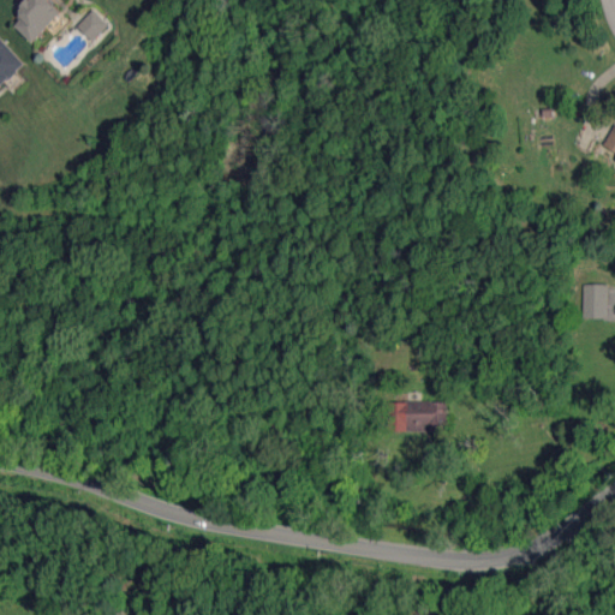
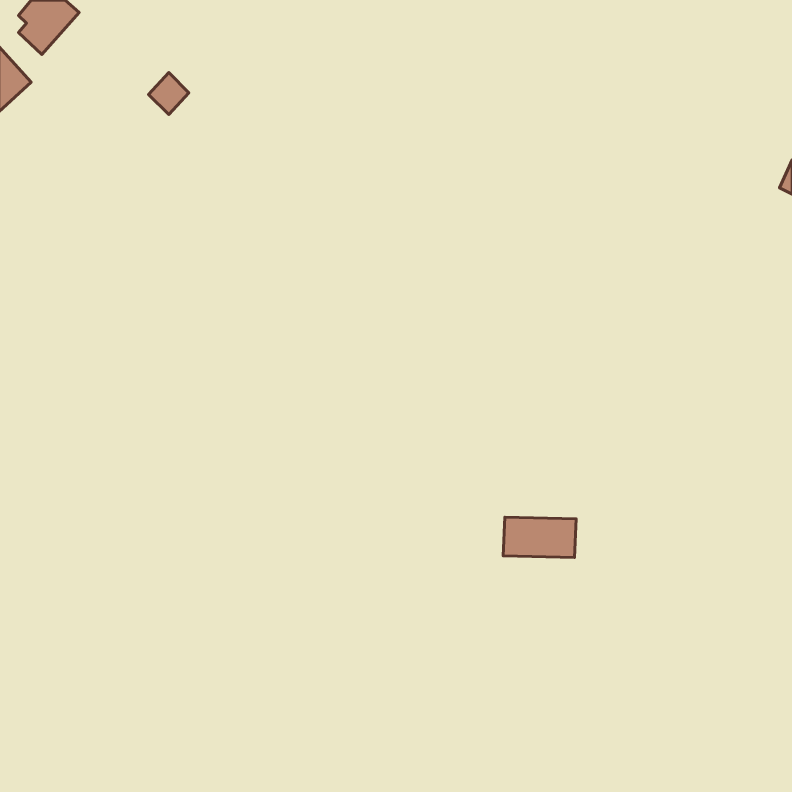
building: [77,10,108,42] -> [149,73,189,115]
building: [581,285,607,318] -> none

